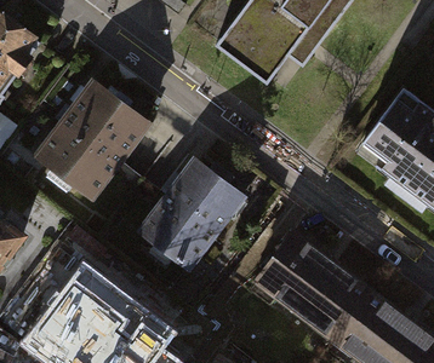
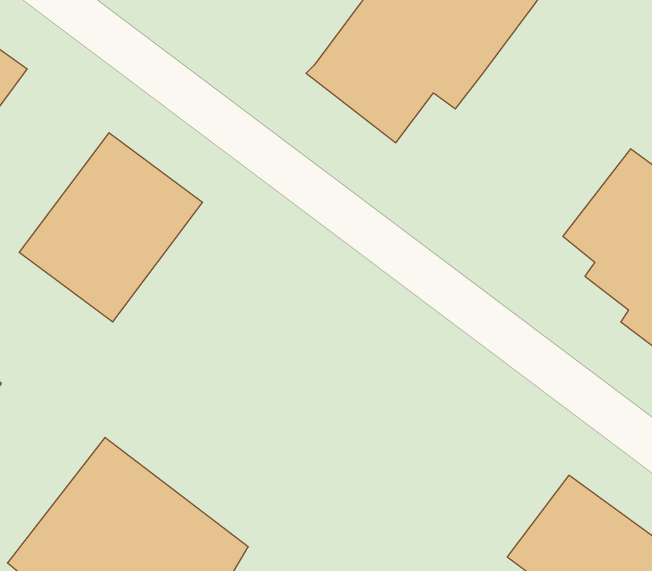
building: [136,157,242,270] -> none
building: [251,230,370,340] -> none

